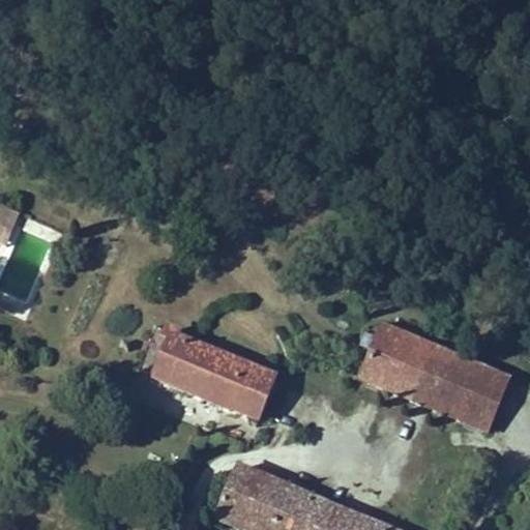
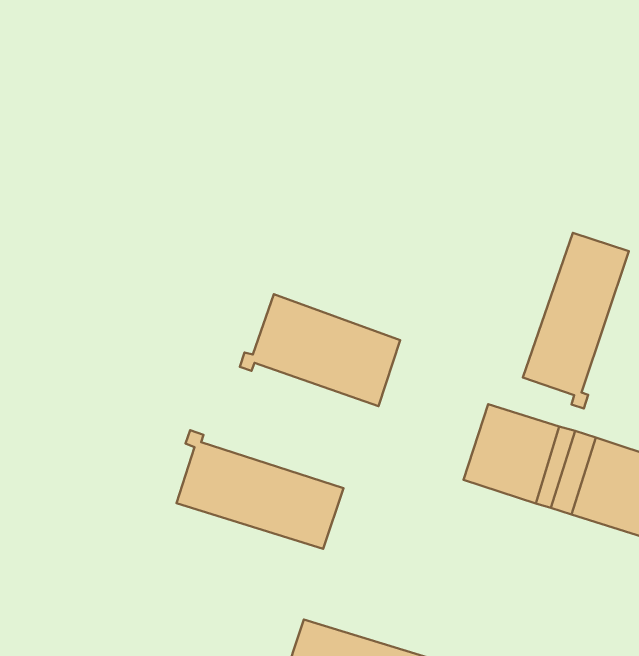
building: none -> [523,233,629,408]
building: none -> [240,294,400,406]

